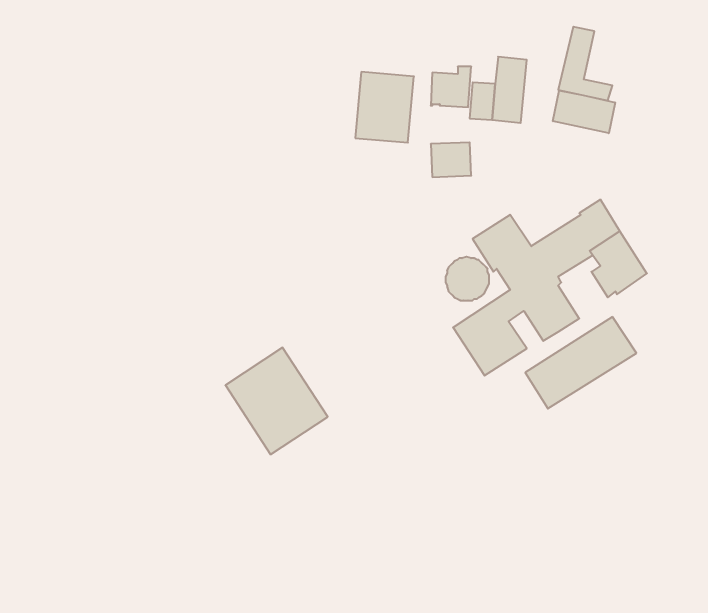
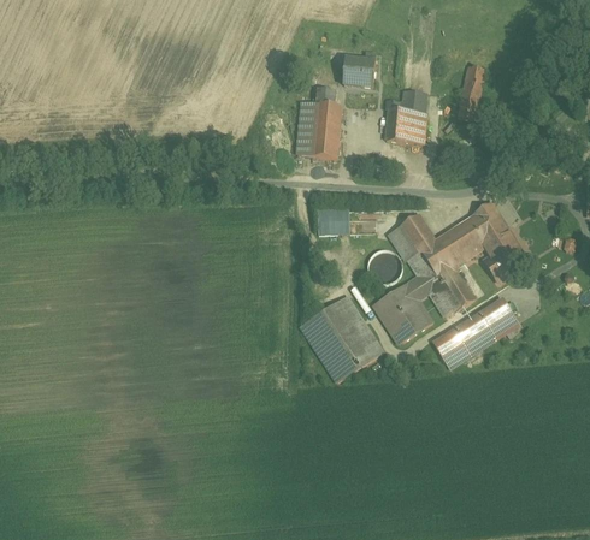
building: [431,67,471,107] -> [343,52,376,84]
building: [553,91,615,133] -> none
building: [431,142,471,177] -> [315,207,348,235]
building: [225,348,328,454] -> [300,296,382,381]

